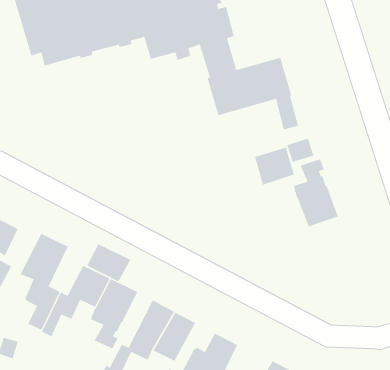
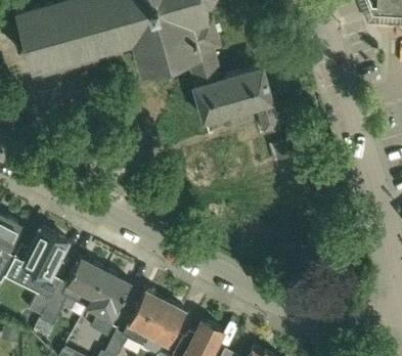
building: [254,147,294,185] -> none
building: [293,158,339,227] -> none
building: [87,244,131,282] -> none

